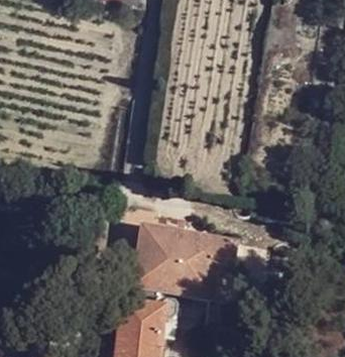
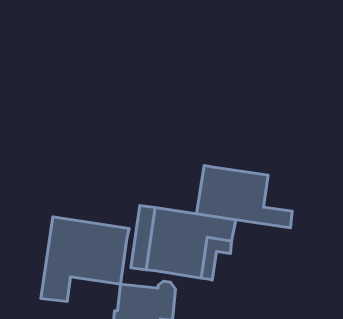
building: none -> [197,165,292,228]
building: none -> [41,217,129,302]

